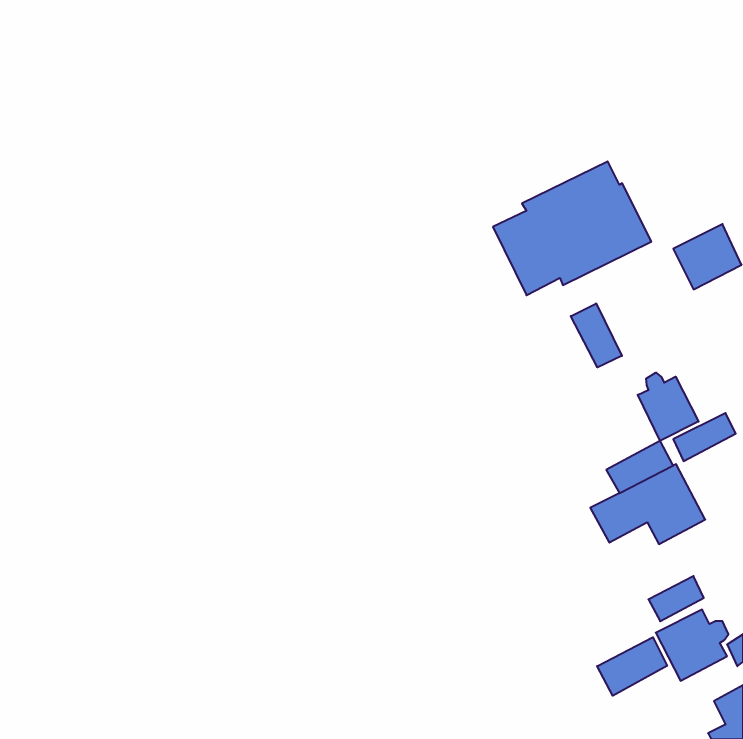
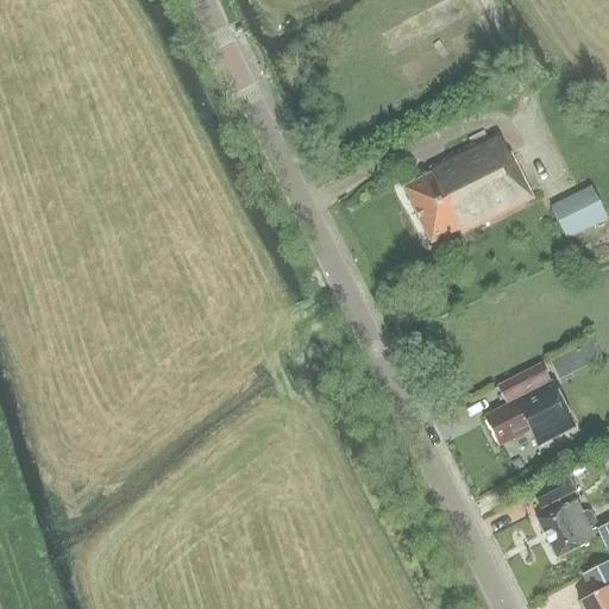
building: [571,303,622,367] -> none
building: [638,373,699,441] -> none
building: [597,637,667,696] -> none

